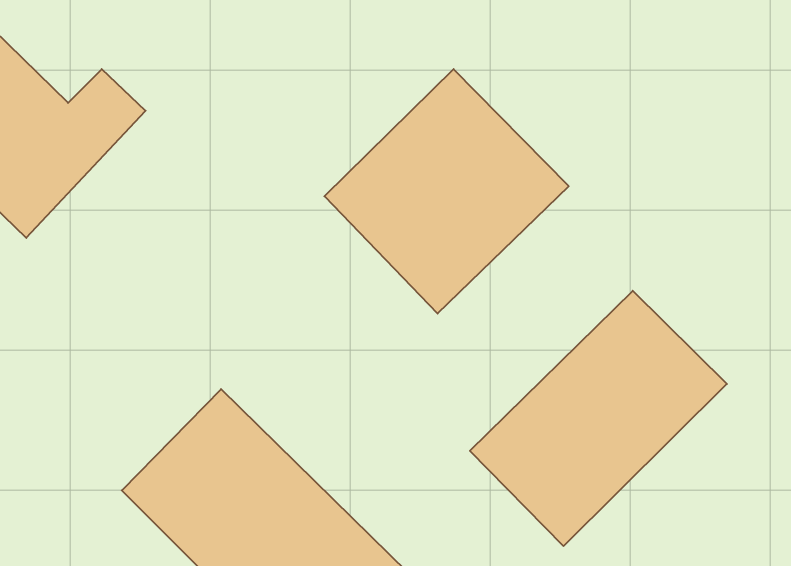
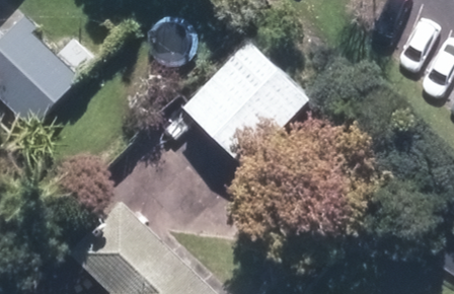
building: [470,291,727,546] -> none

